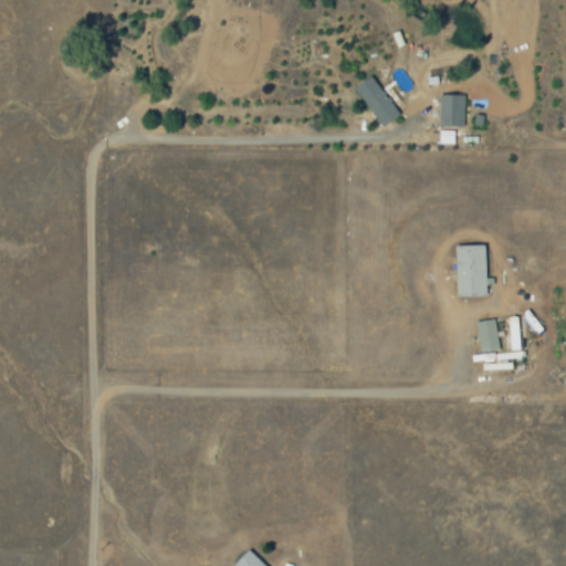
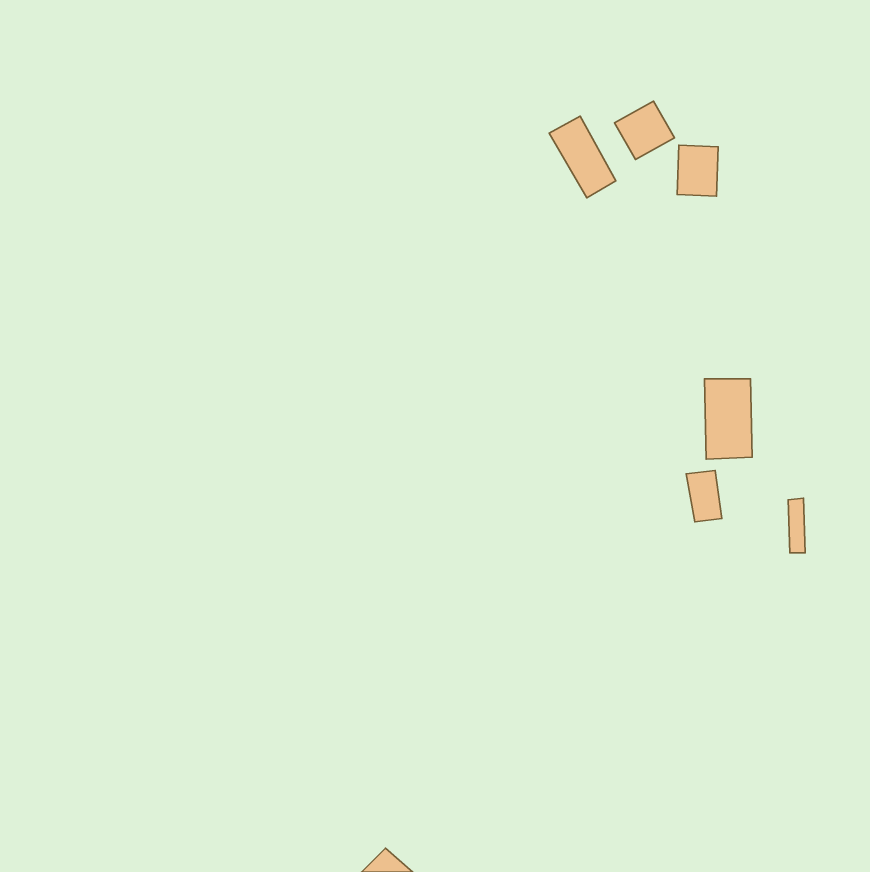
building: none -> [615,101,675,160]
building: [476,319,500,353] -> [686,471,722,522]

